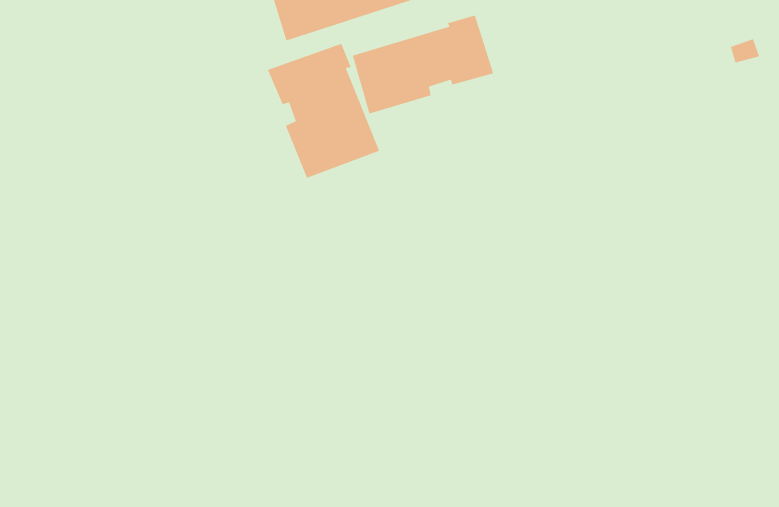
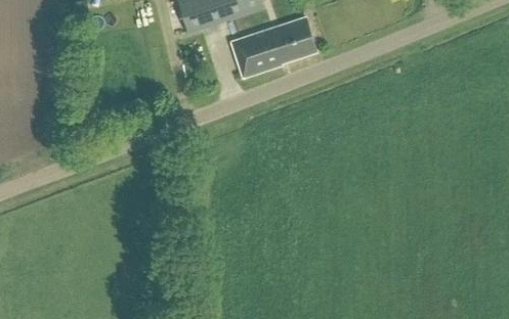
building: [267,43,380,179] -> none

